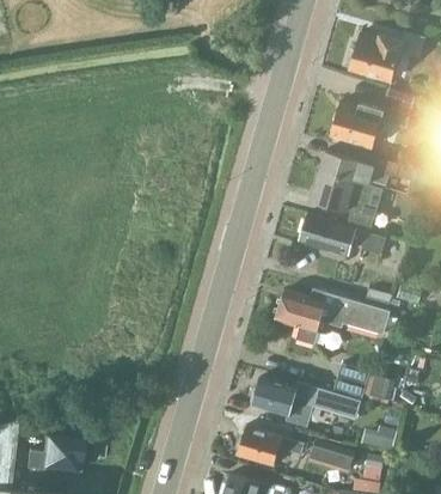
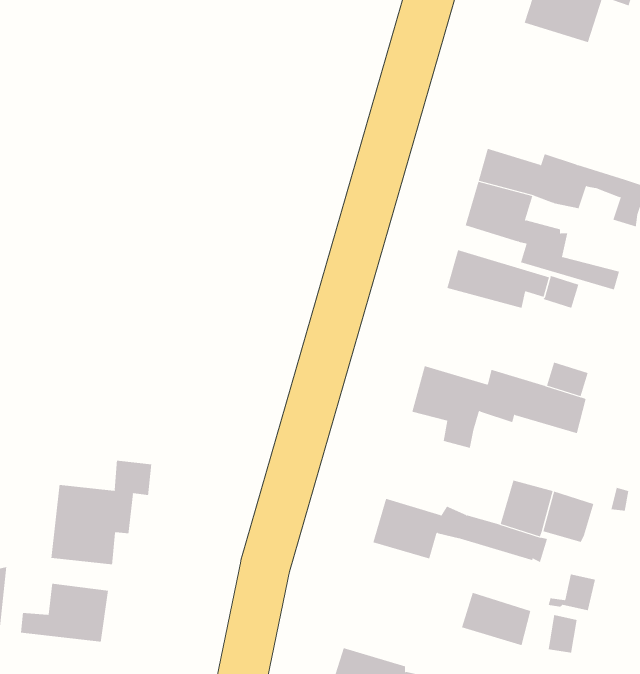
building: [330,89,414,147] -> none
building: none -> [51,460,152,565]
building: [237,427,304,465] -> none

